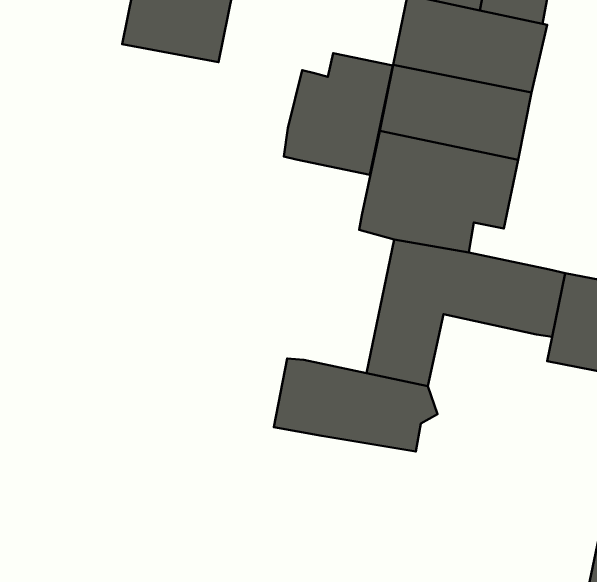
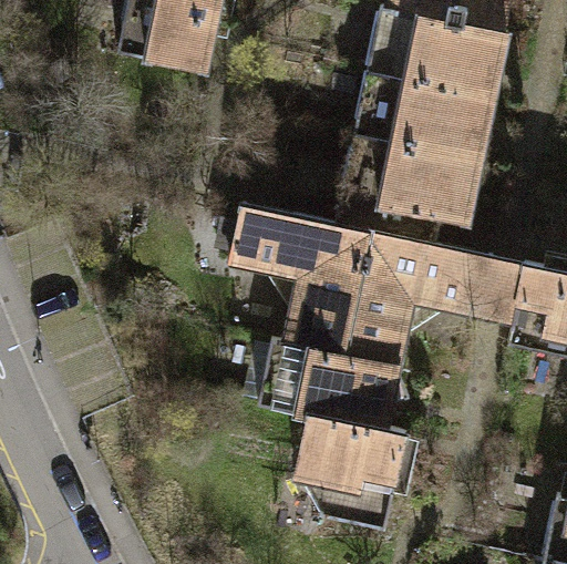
building: [284,53,393,175] -> none
building: none -> [234,206,371,358]
building: none -> [295,416,405,532]

